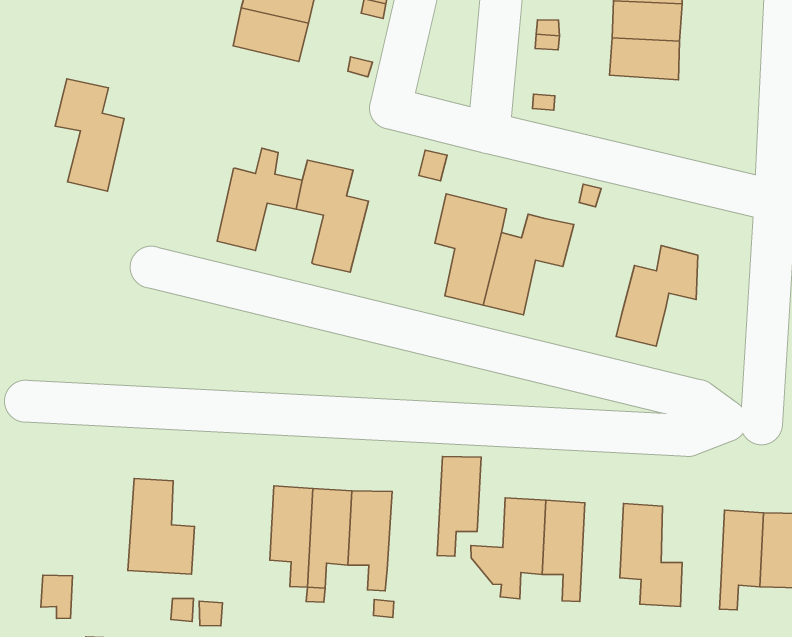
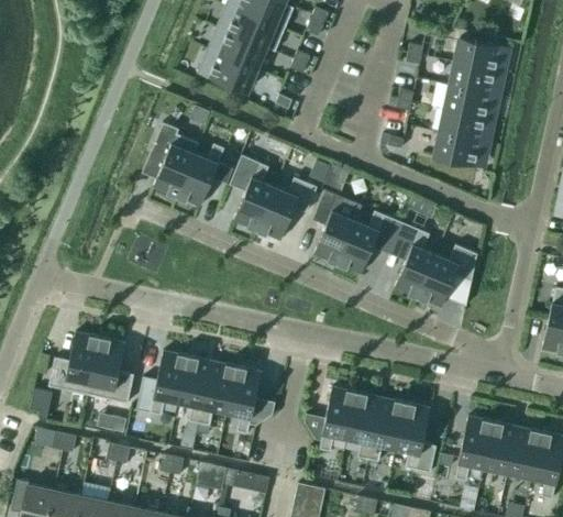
building: none -> [434,132,483,166]
building: [55,79,124,191] -> [151,122,195,197]
building: none -> [257,177,318,240]
building: none -> [391,222,437,297]
building: [437,456,481,556] -> [368,398,406,462]
building: none -> [48,332,101,395]
building: none -> [151,351,188,416]

